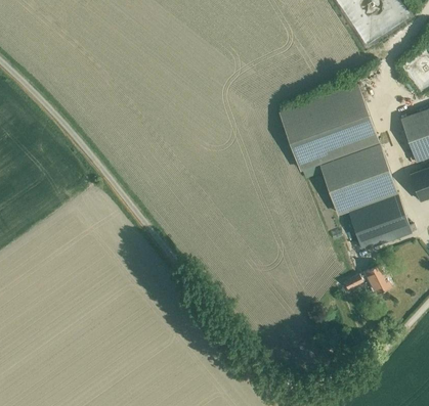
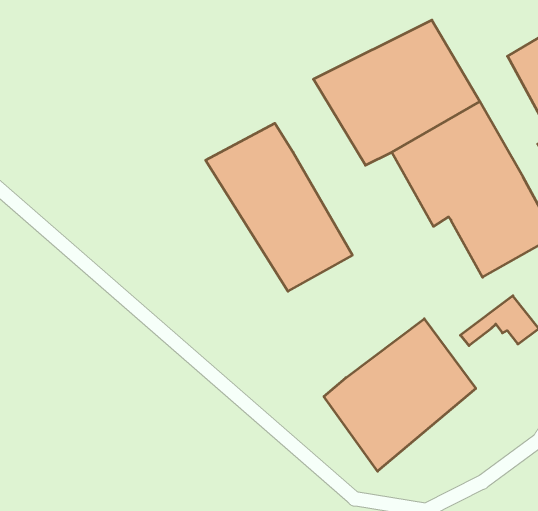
building: none -> [206,123,352,291]
building: none -> [324,319,476,471]

